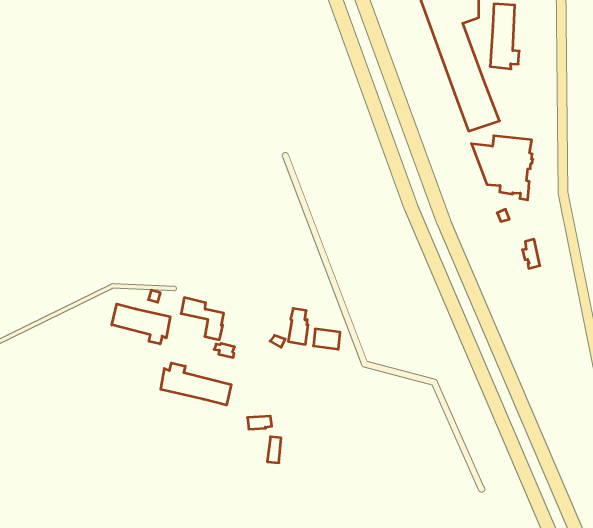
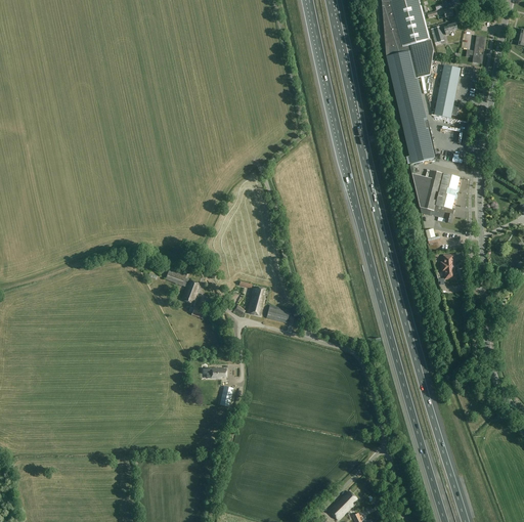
building: [112,304,170,344] -> none
building: [161,363,231,405] -> none

